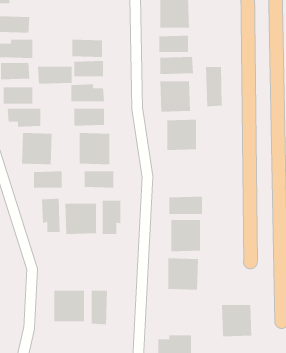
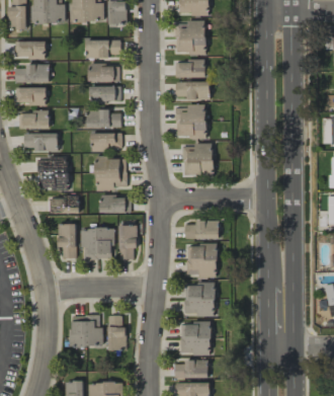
building: [206,66,222,107] -> none
building: [37,66,73,84] -> [85,39,120,58]
building: [221,305,252,337] -> [180,322,212,354]

